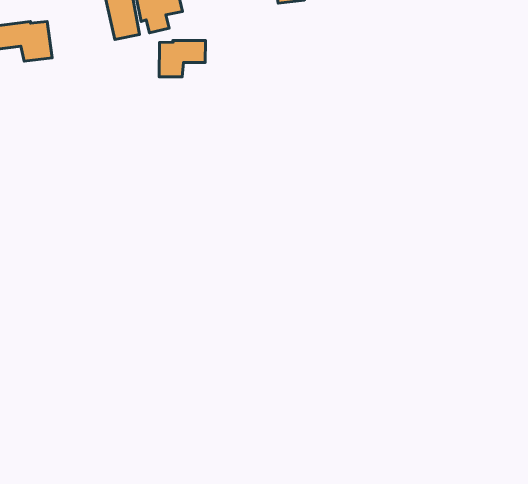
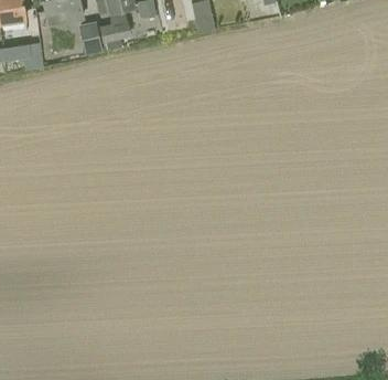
building: [159,41,206,77] -> none

